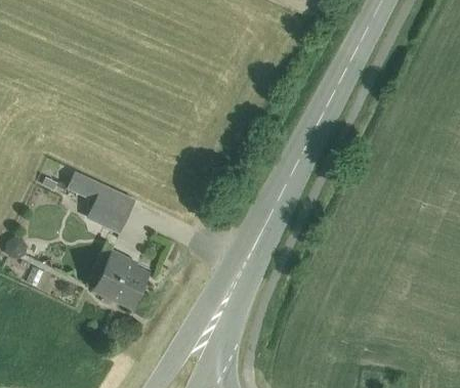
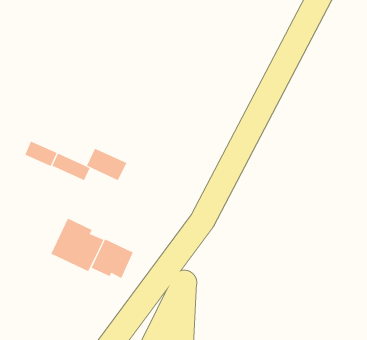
building: [87,199,129,232] -> [86,148,127,181]
building: none -> [91,239,134,279]

